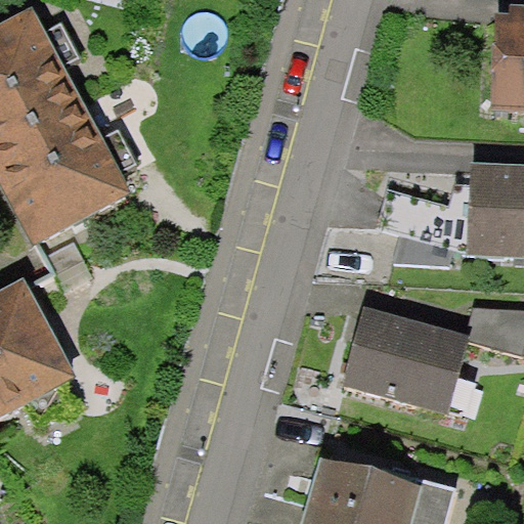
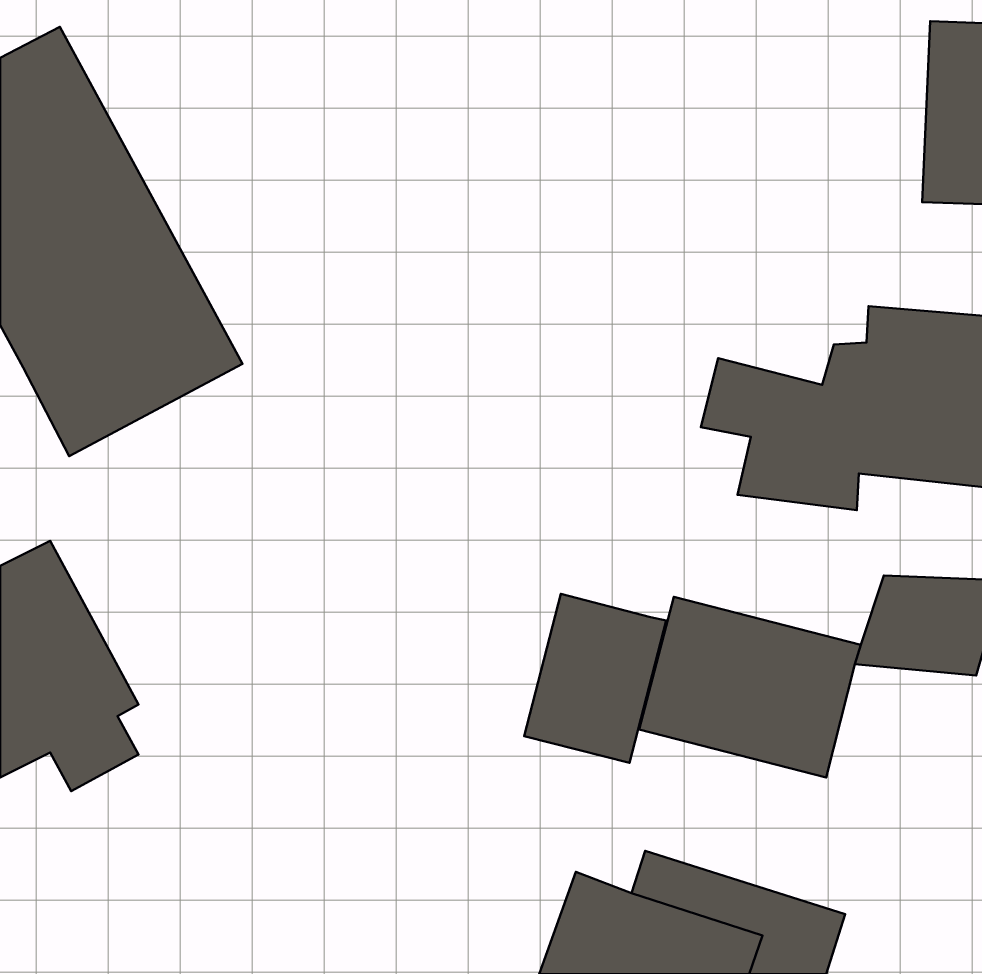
building: none -> [524,594,666,763]

